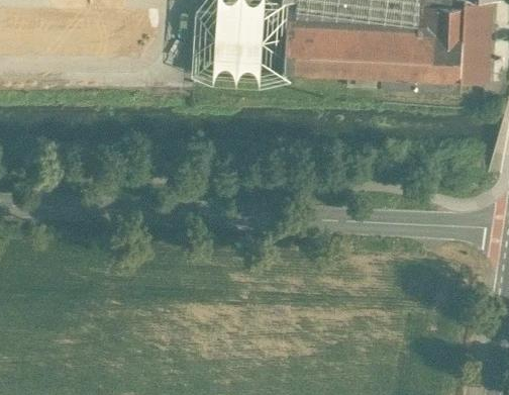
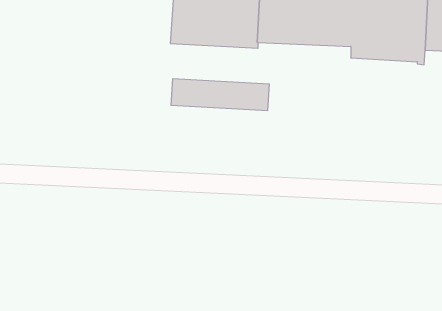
building: none -> [171,79,269,111]

